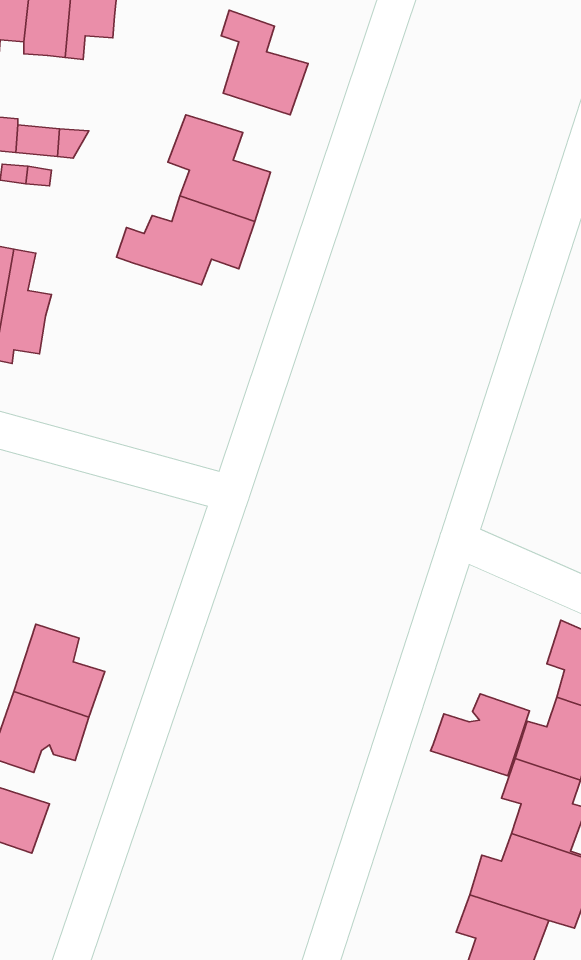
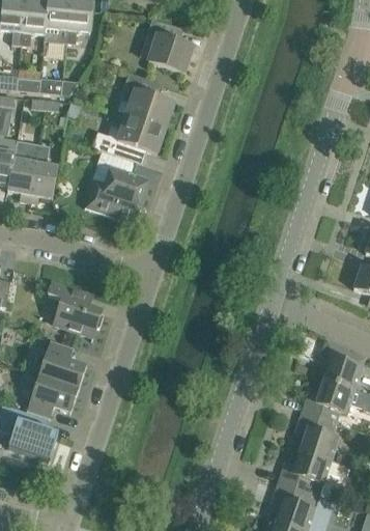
building: none -> [84,150,147,226]
building: none -> [47,282,101,340]
building: [430,694,529,776] -> none

